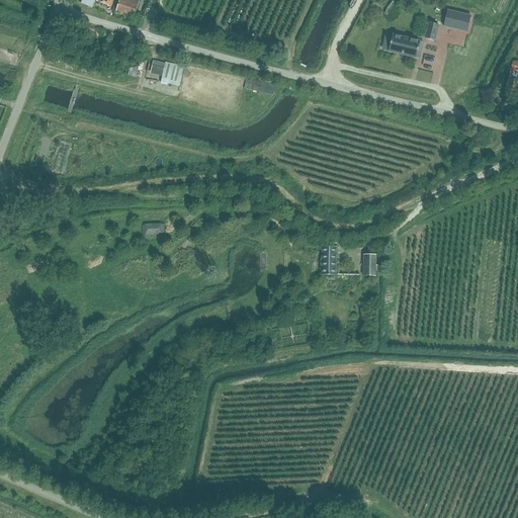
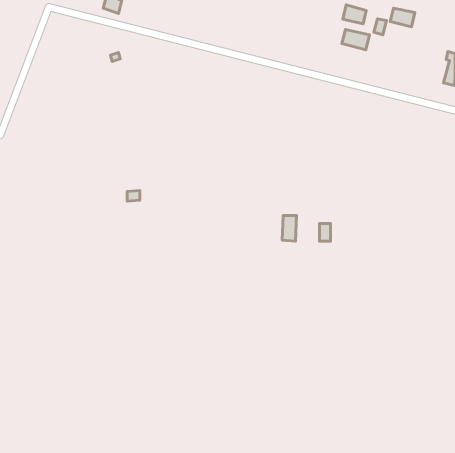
building: none -> [343,5,366,24]
building: [150,59,184,85] -> none

